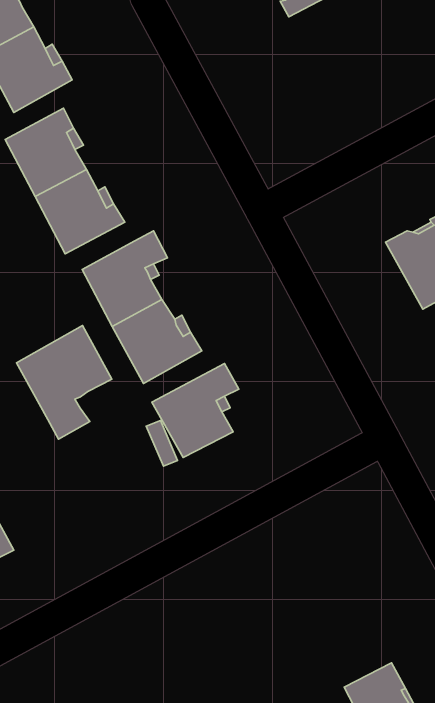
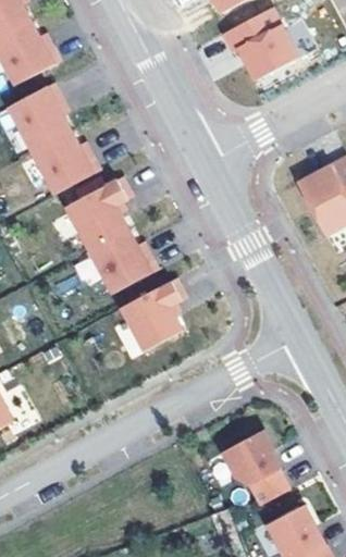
building: none -> [223,10,298,82]
building: [17,326,112,439] -> none
building: none -> [223,430,288,505]

